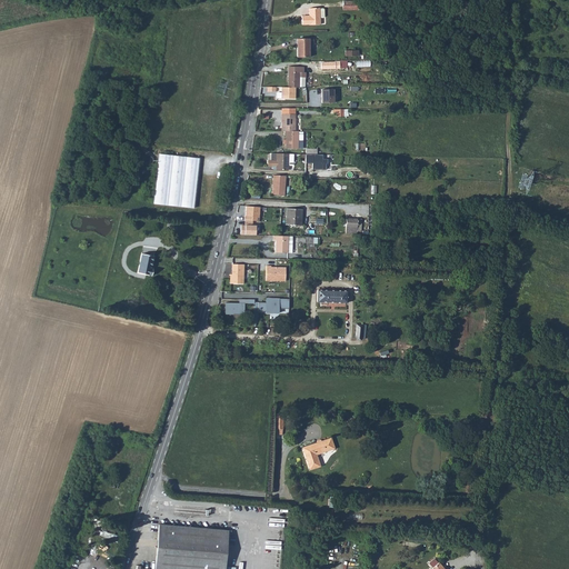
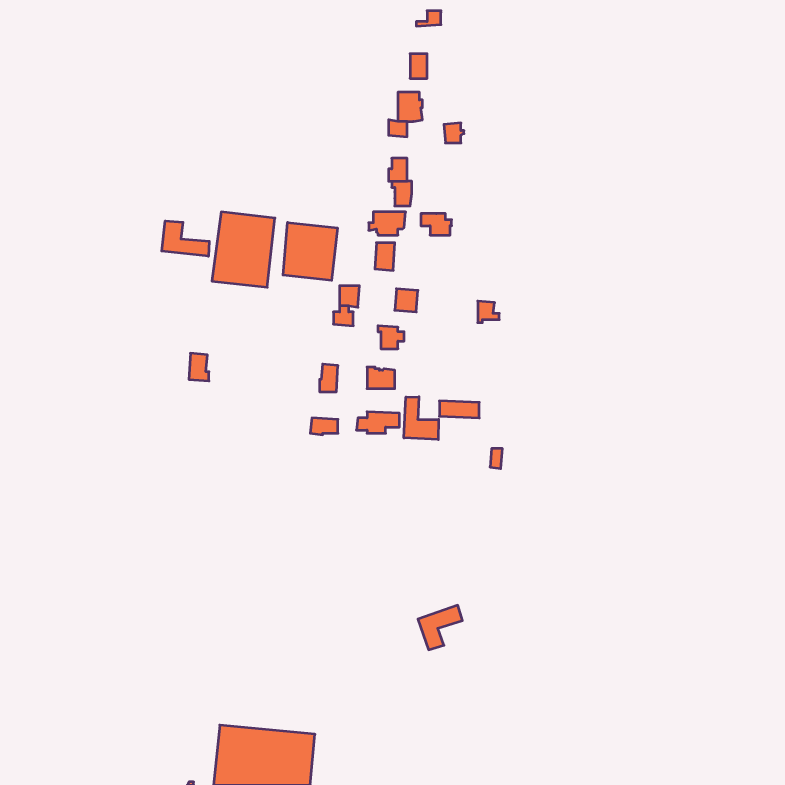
building: none -> [162,221,209,256]
building: none -> [283,222,337,280]
building: none -> [404,397,439,440]

